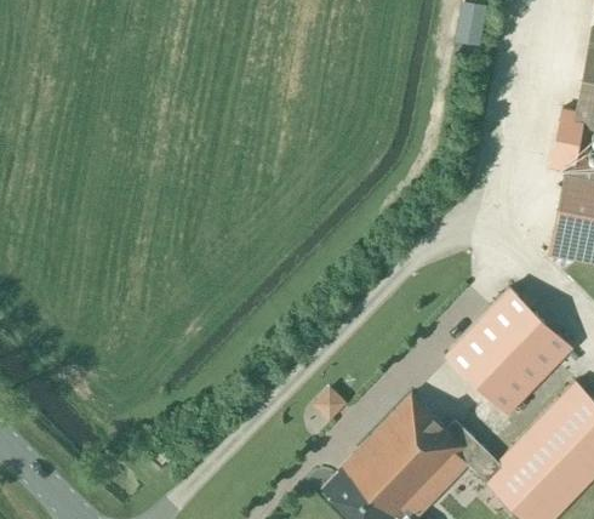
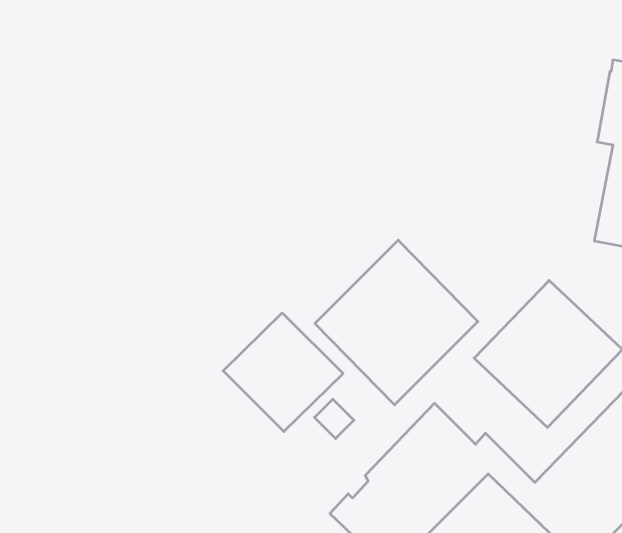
building: none -> [315,240,478,405]
building: none -> [223,313,343,432]

